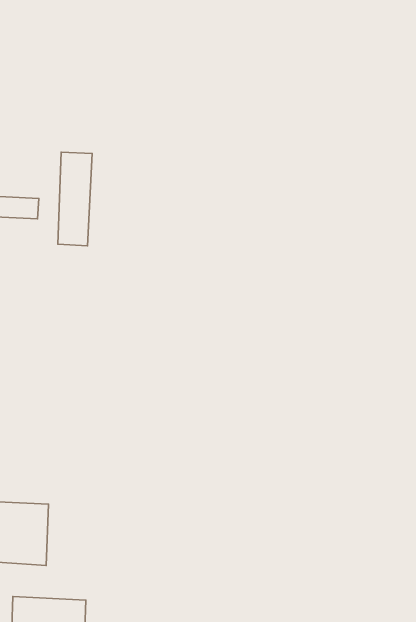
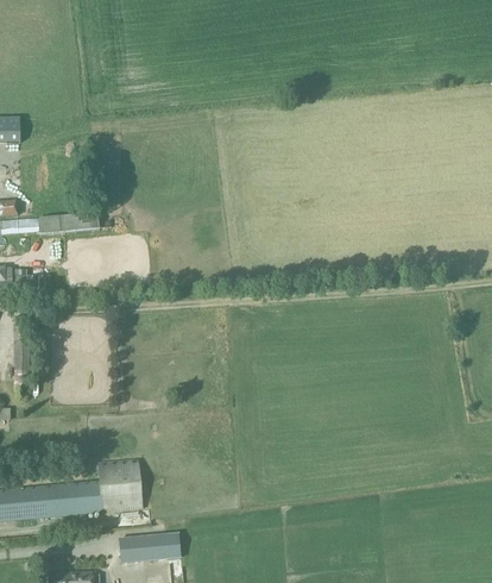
building: [58,152,92,246] -> none

